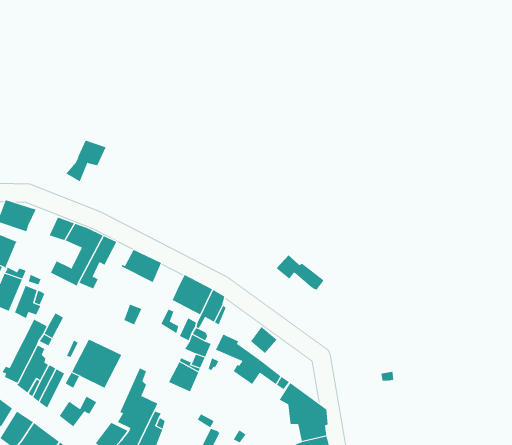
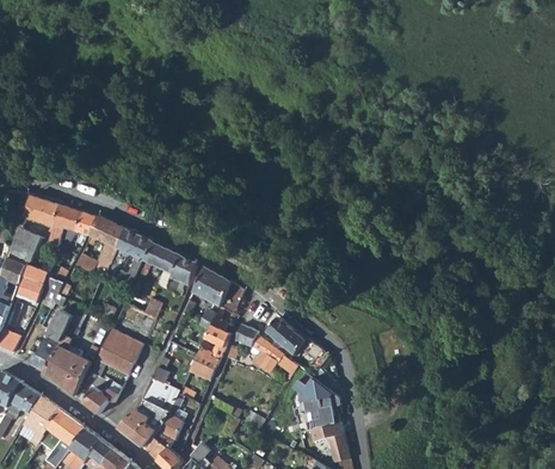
building: [65,140,106,182] -> [43,204,82,245]
building: none -> [117,235,155,286]
building: [276,255,324,291] -> [282,329,328,364]
building: none -> [168,255,198,291]

